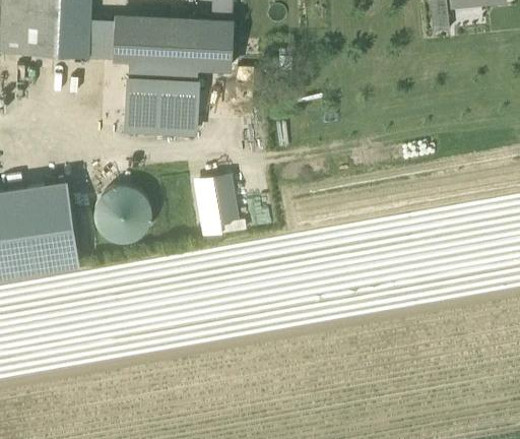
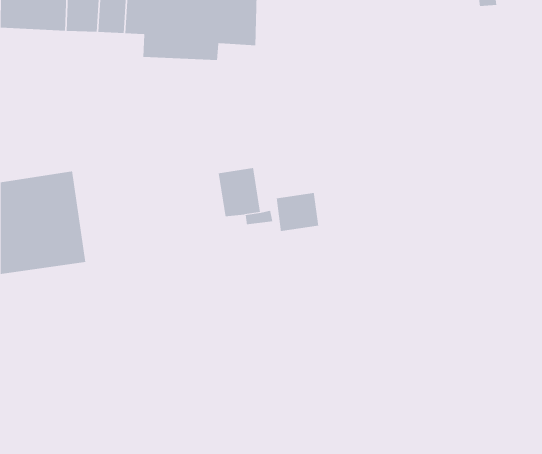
building: [126,78,197,132] -> none
building: [94,185,151,243] -> none
building: none -> [276,192,319,232]

